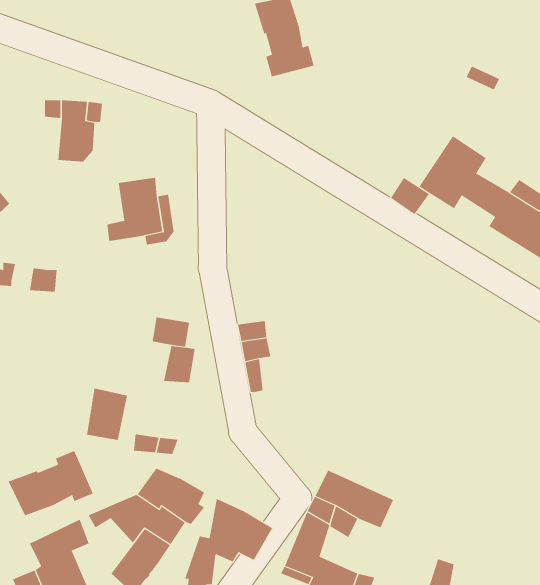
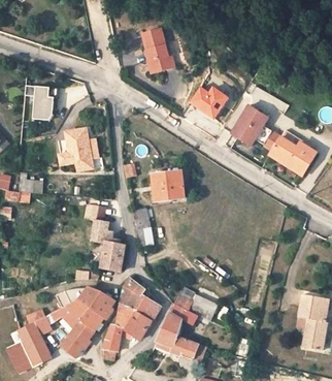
building: none -> [191,86,227,118]
building: none -> [148,170,185,199]
building: [86,388,128,441] -> [102,241,125,269]
building: [8,450,93,516] -> none
building: none -> [121,278,161,320]

